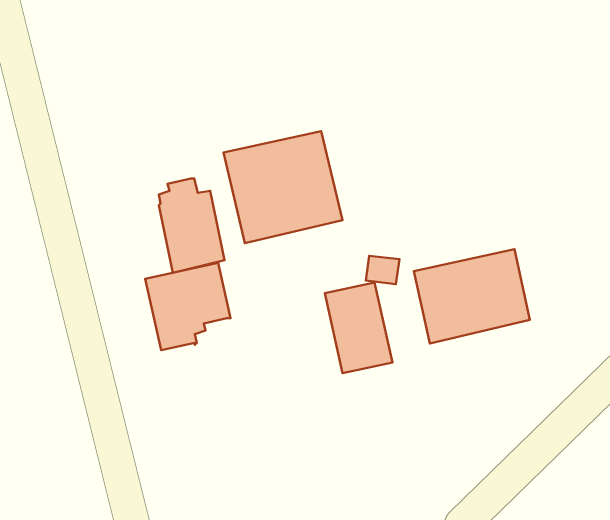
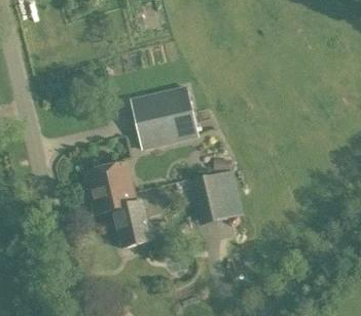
building: [159,178,225,273] -> [114,193,152,247]
building: [414,249,530,343] -> none

